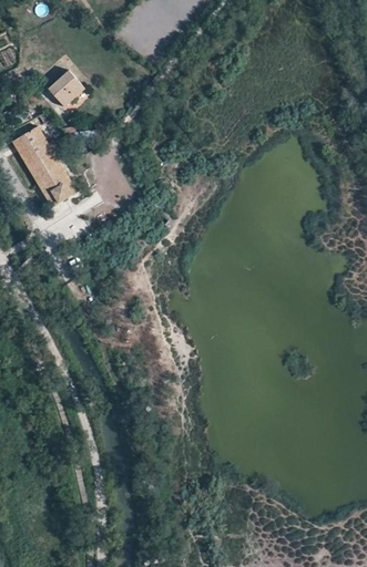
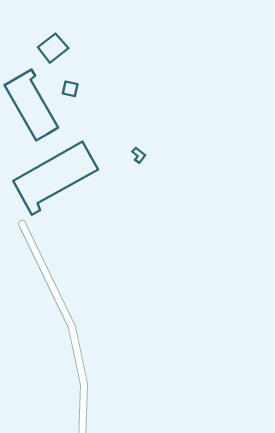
building: none -> [13,142,98,215]

